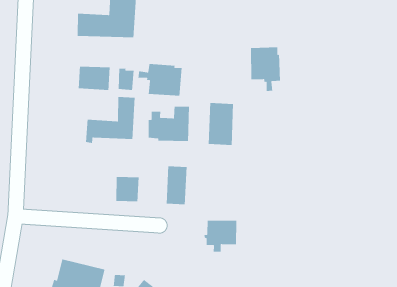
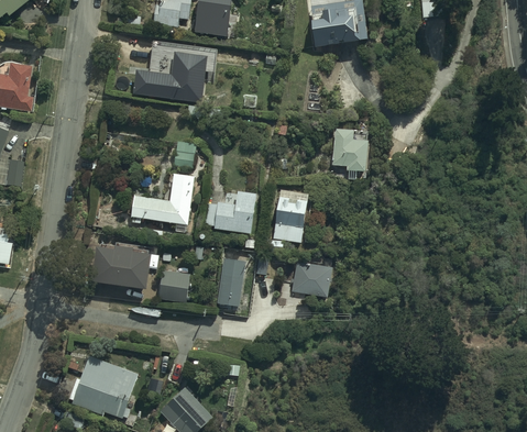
building: [137,63,183,97] -> none
building: [78,66,111,91] -> none
building: none -> [92,248,151,290]
building: [204,220,237,252] -> [289,261,330,300]

